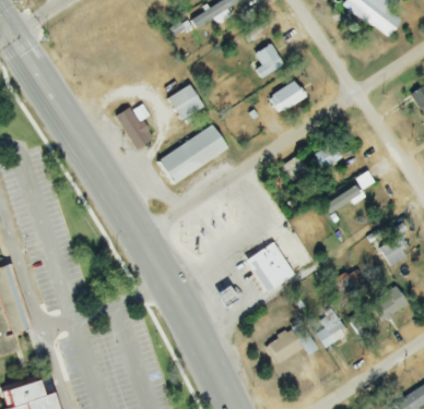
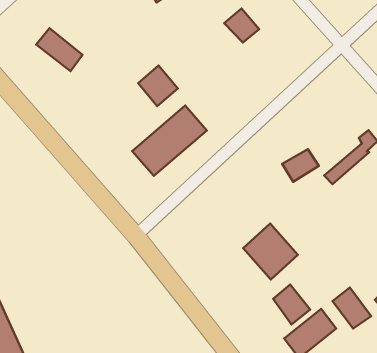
building: [269,80,306,113] -> none
building: [114,107,154,148] -> [36,28,83,71]
building: [308,144,341,171] -> [282,149,319,182]
building: none -> [273,285,310,325]

